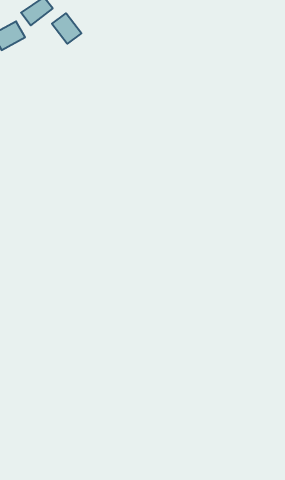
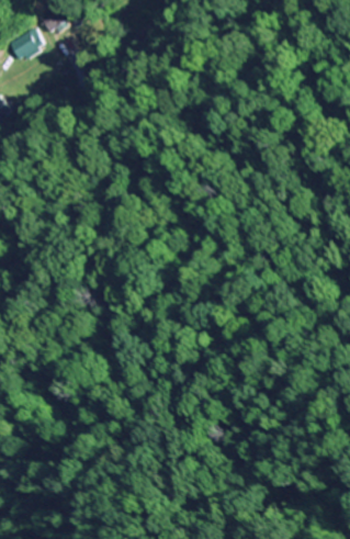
building: [52,13,81,44] -> none

